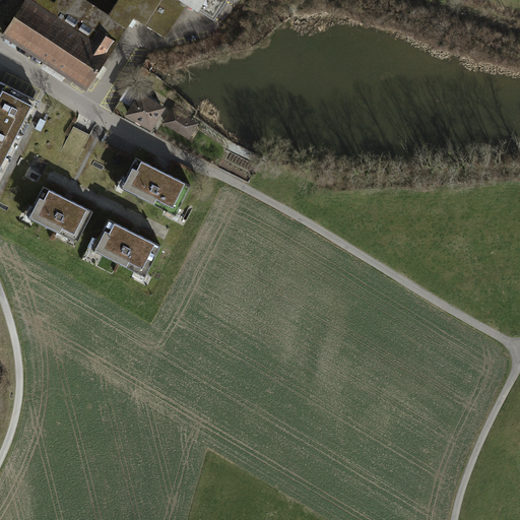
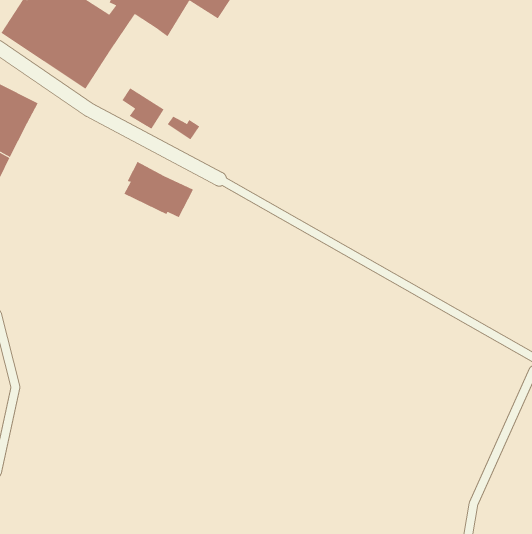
building: [27,186,89,241] -> none
building: [92,218,157,273] -> none

